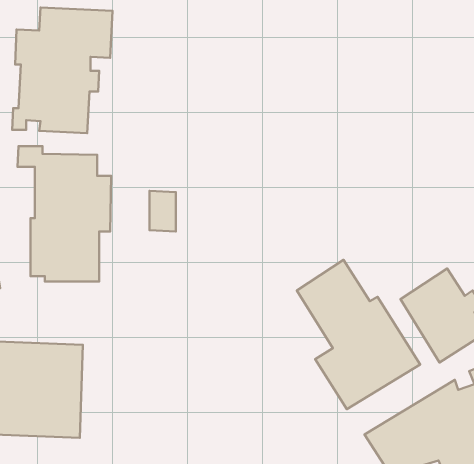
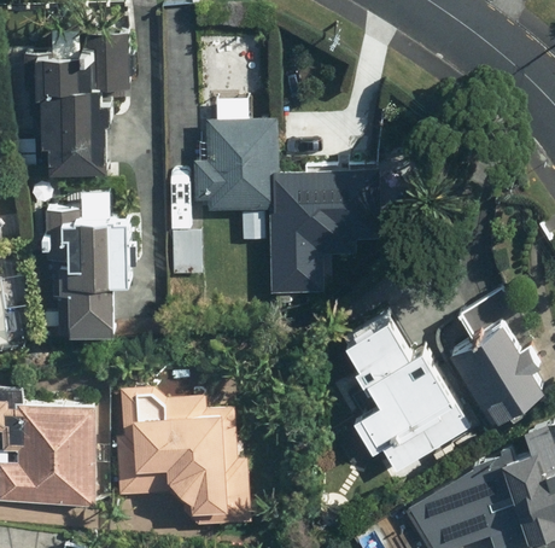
building: none -> [195,123,413,295]
building: none -> [117,390,252,529]

